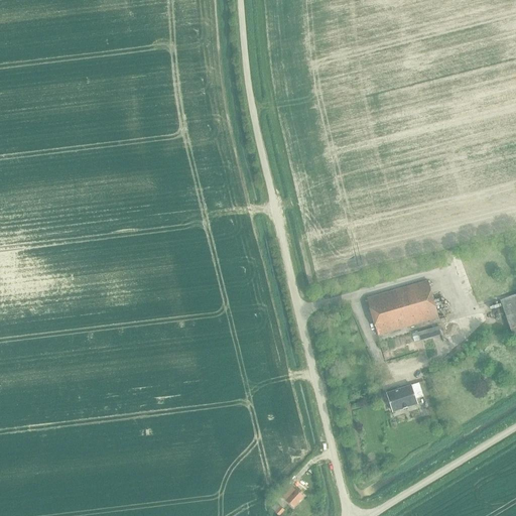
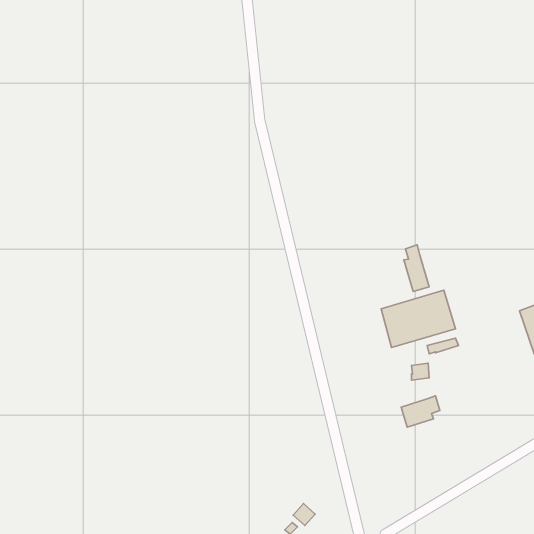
building: none -> [404,245,429,292]

